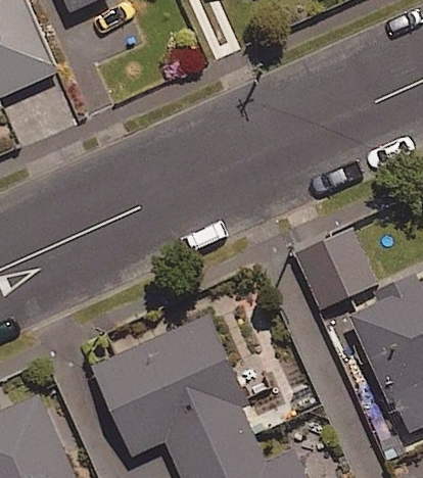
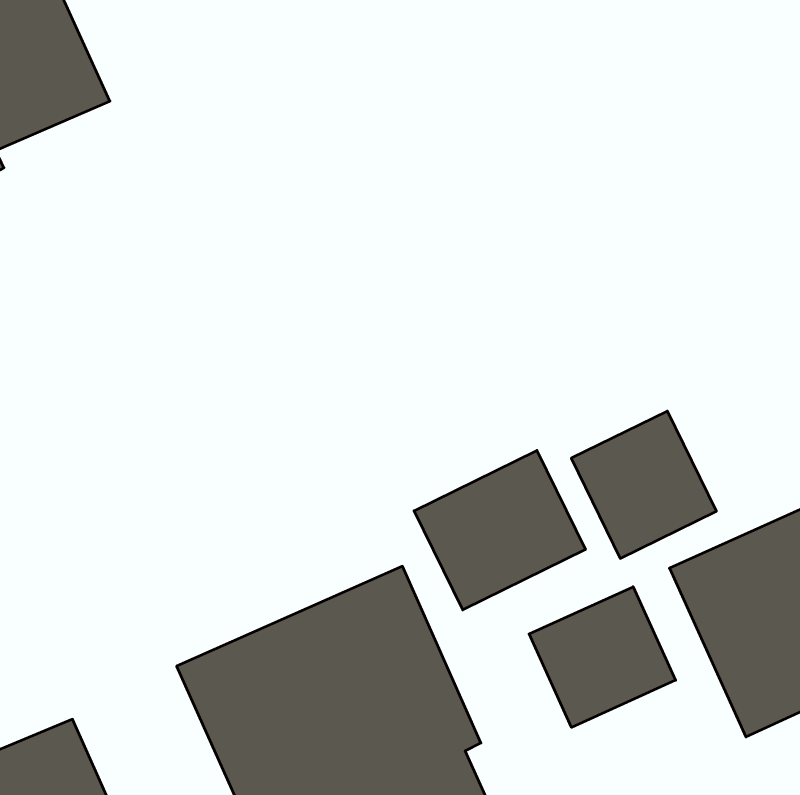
building: none -> [414,450,585,610]
building: none -> [529,587,676,727]

